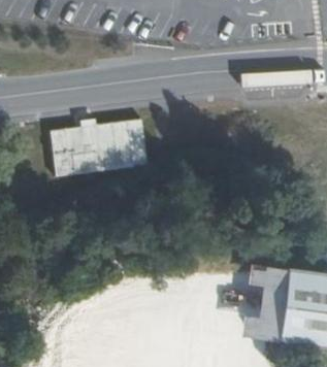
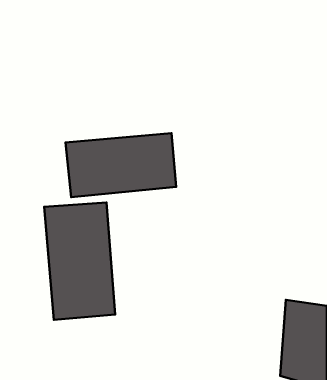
building: none -> [44,202,115,320]

